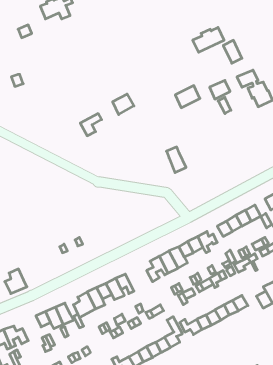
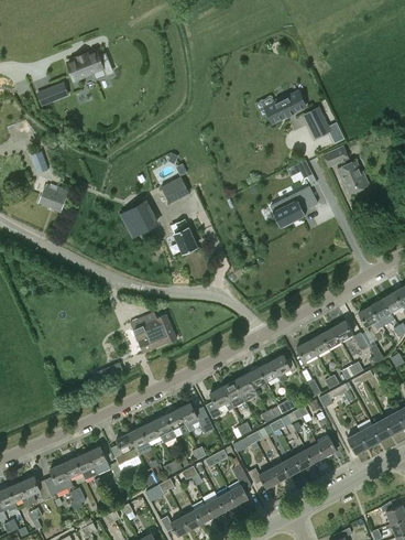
building: [175,86,200,108] -> [271,193,303,222]
building: none -> [39,183,68,212]
building: [166,147,186,173] -> [172,219,197,252]
building: none -> [130,312,176,353]
building: [5,269,27,294] -> [45,463,74,495]
building: none -> [178,402,215,433]

